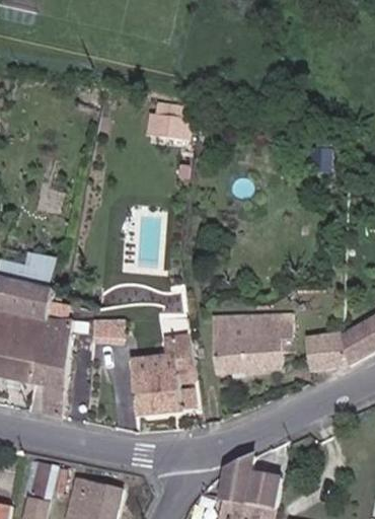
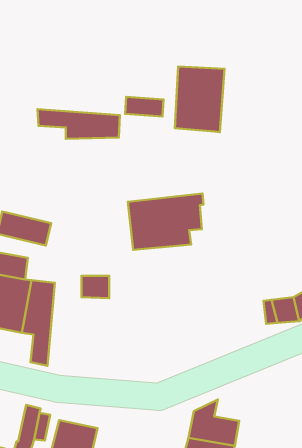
building: none -> [175,66,224,132]
building: none -> [38,109,120,139]
building: [210,308,296,372] -> [128,194,204,250]
building: [131,335,198,415] -> none

